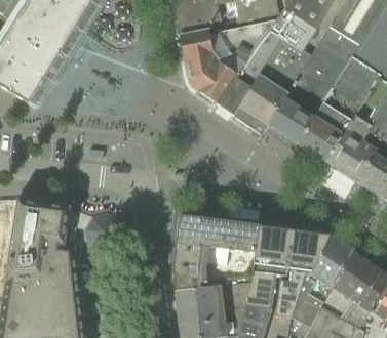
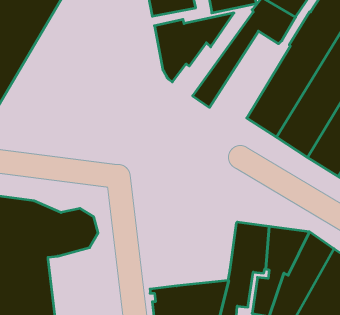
building: [197,20,275,103] -> none
building: [233,41,311,134] -> none
building: [172,215,259,290] -> none

